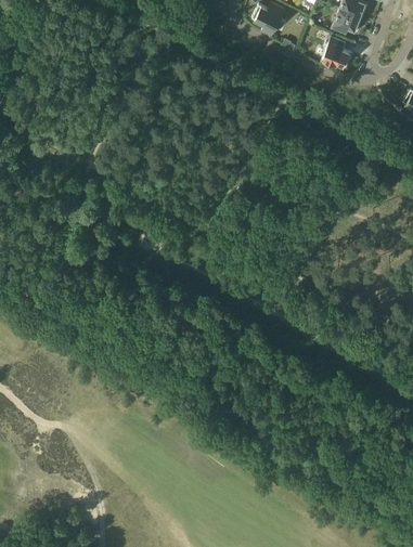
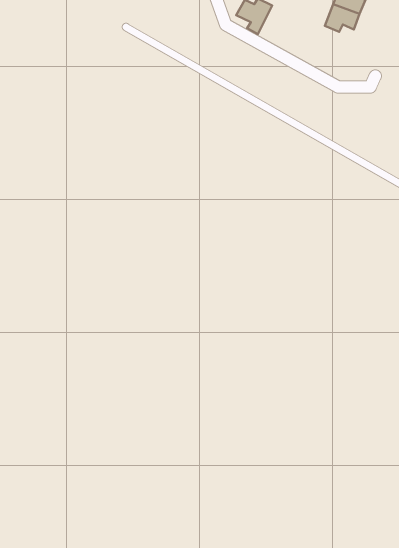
building: [323,36,354,66] -> none

